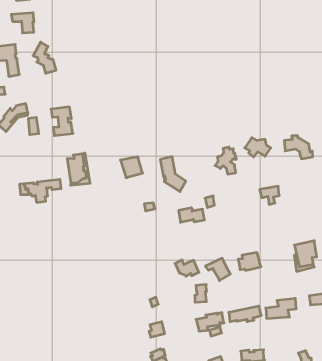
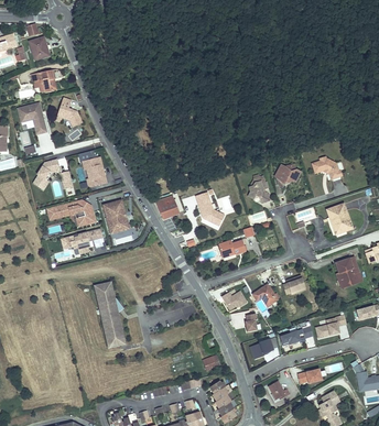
building: none -> [50,200,94,223]
building: none -> [326,203,351,233]
building: none -> [94,282,122,343]

